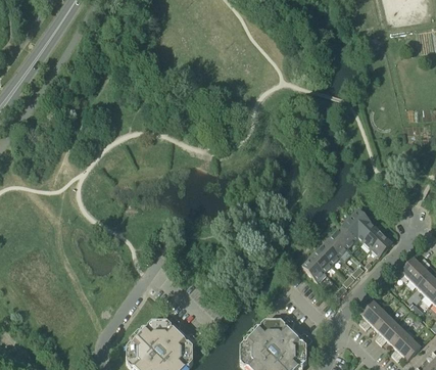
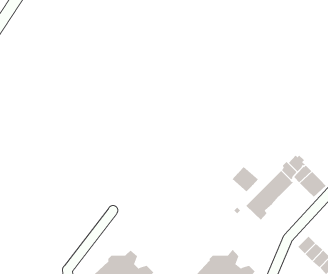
building: none -> [232,166,259,192]

